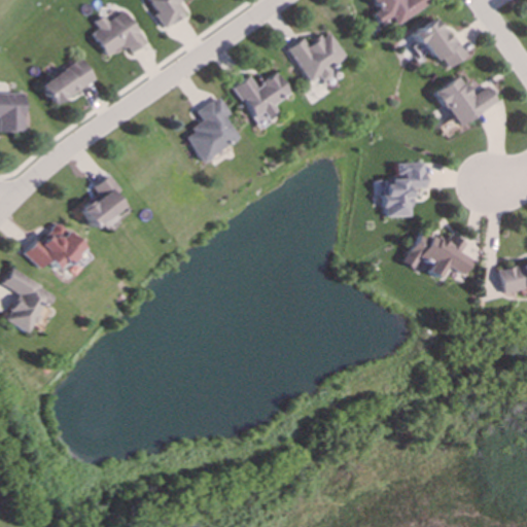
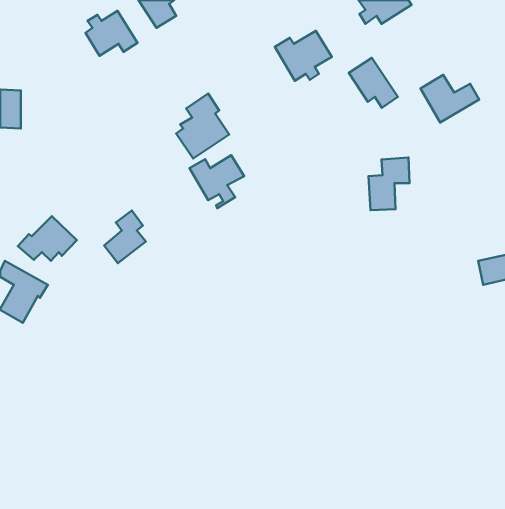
building: [416,17,466,69] -> [349,58,398,108]
building: [42,59,96,106] -> none
building: [235,73,291,128] -> [189,155,244,208]
building: [80,175,124,230] -> [104,210,146,263]
building: [403,231,475,279] -> none

